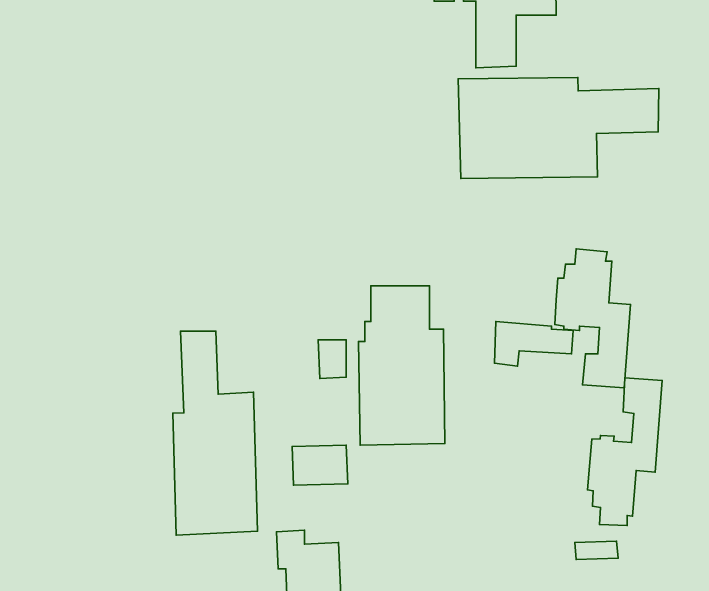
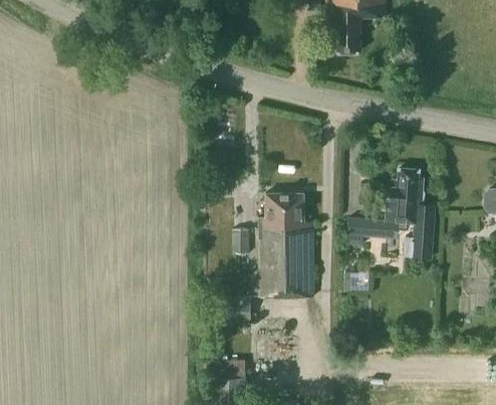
building: [458,77,659,179] -> none
building: [173,331,257,535] -> none
building: [588,378,662,526] -> none

